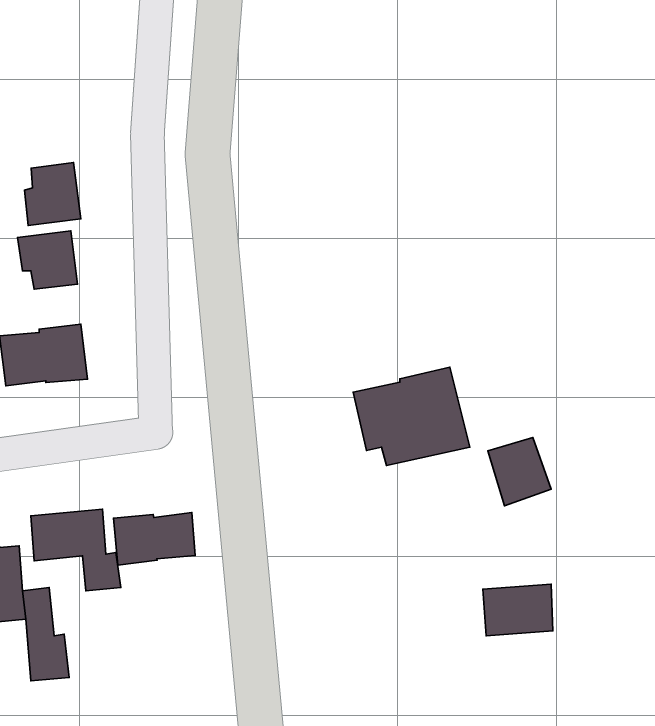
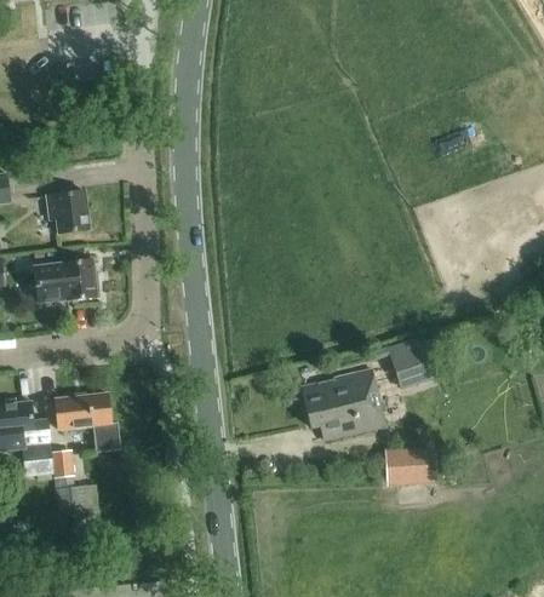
building: [25,163,81,226] -> none
building: [353,367,470,466] -> [300,367,385,438]
building: [113,513,195,565] -> none

